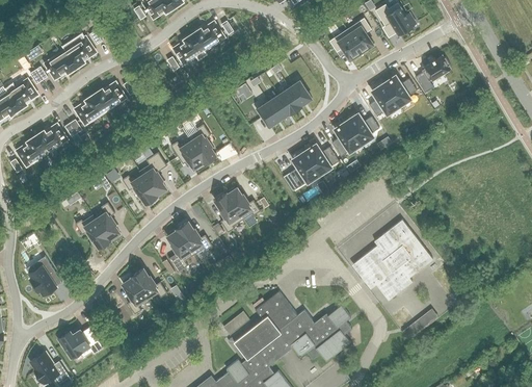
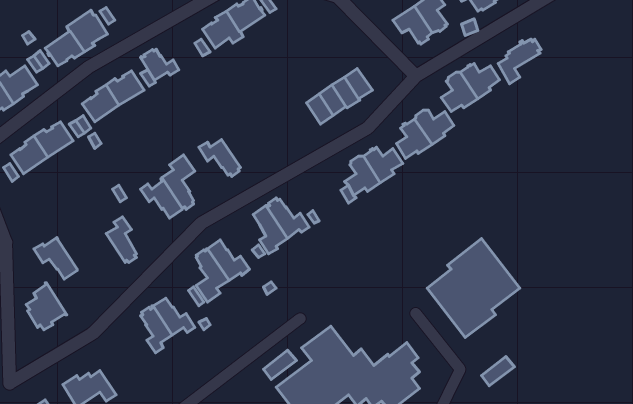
building: none -> [140,49,179,80]
building: [187,125,215,163] -> none
building: [74,214,109,249] -> [34,237,77,279]

